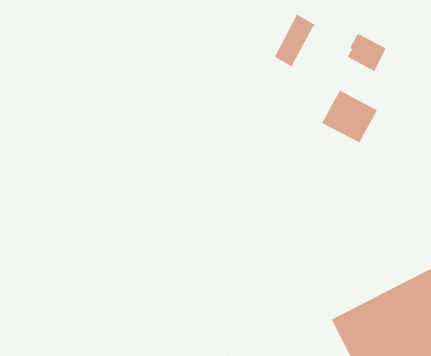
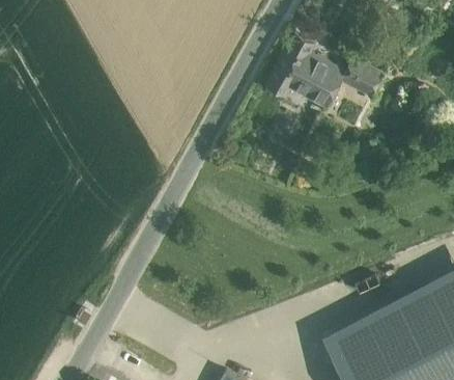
building: [321,90,378,143] -> [292,57,347,109]

